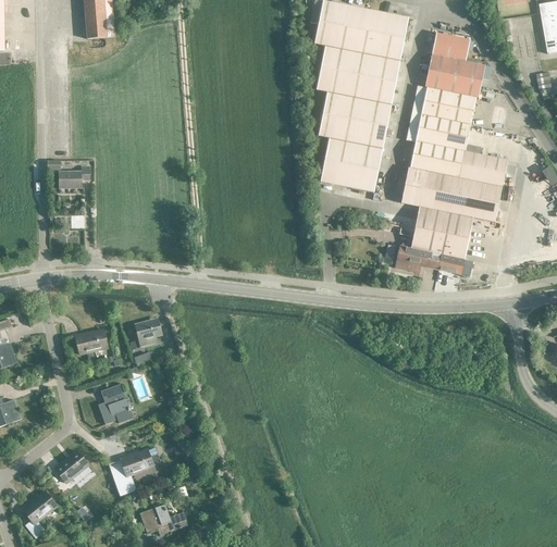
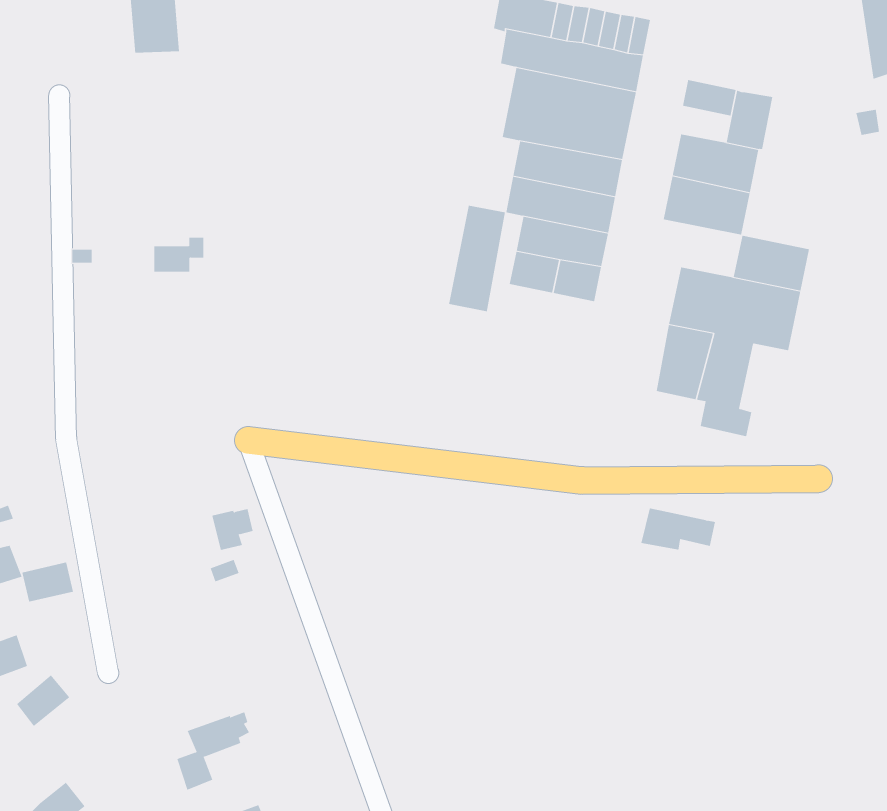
building: [431,32,469,61] -> none
building: [424,70,458,92] -> none
building: none -> [449,205,506,312]
building: [400,140,465,206] -> none
building: [60,164,91,186] -> [153,237,204,272]
building: [395,245,442,271] -> [641,508,716,550]
building: [75,328,108,353] -> [21,562,74,602]
building: [98,383,133,423] -> none
building: [54,449,88,482] -> [16,674,70,727]

